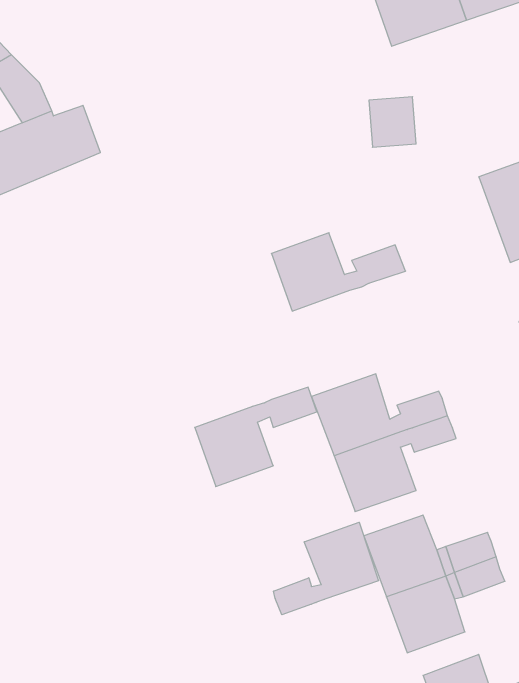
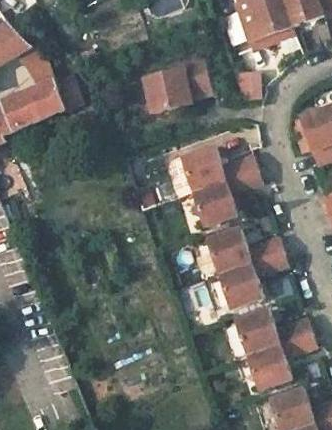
building: none -> [145,52,212,110]
building: [195,387,317,487] -> [191,170,261,227]
building: [274,522,378,615] -> none

